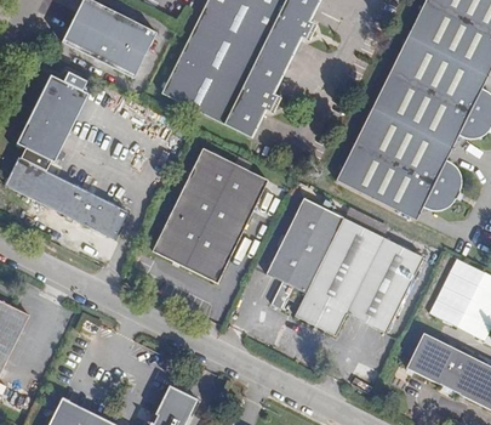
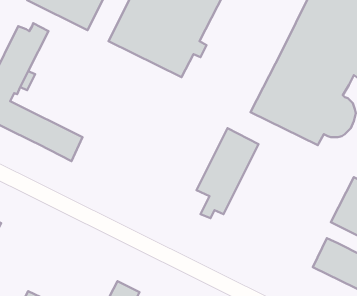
building: [153,148,269,283] -> none
building: [296,219,423,335] -> none

